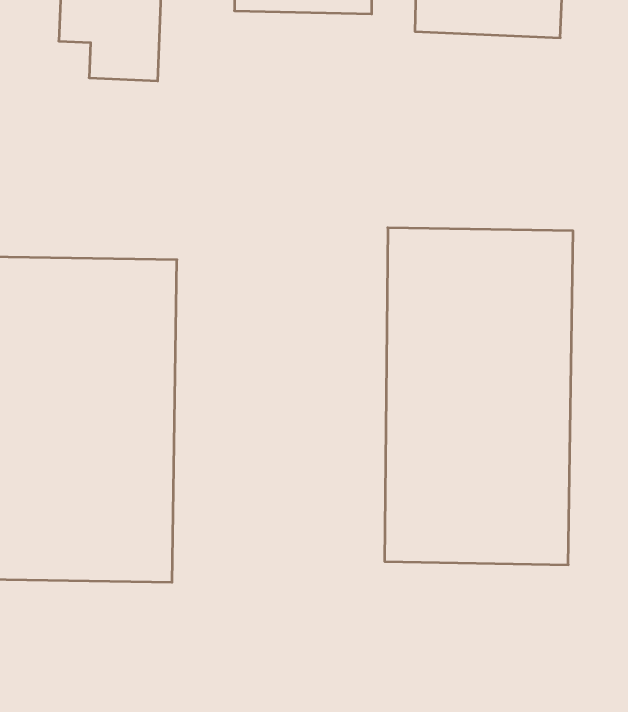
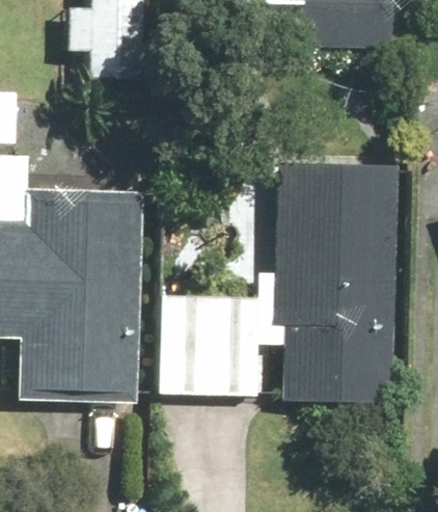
building: none -> [149,288,268,393]

